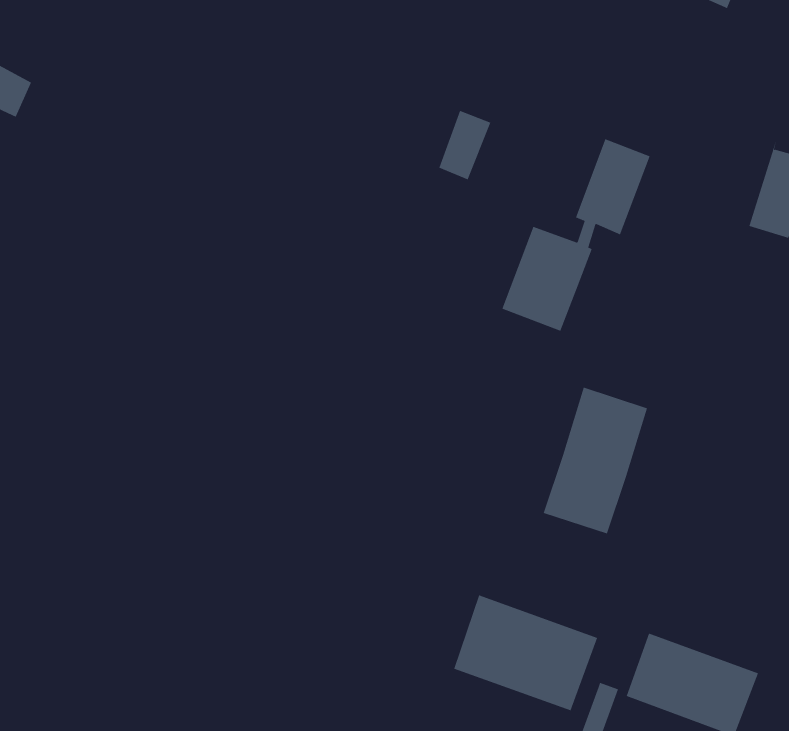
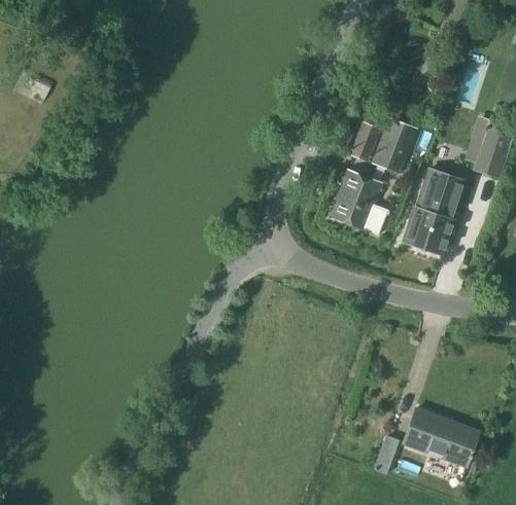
building: [438,110,491,180] -> [350,121,381,163]
building: [543,387,648,534] -> [405,168,467,254]
building: [453,594,598,711] -> none

